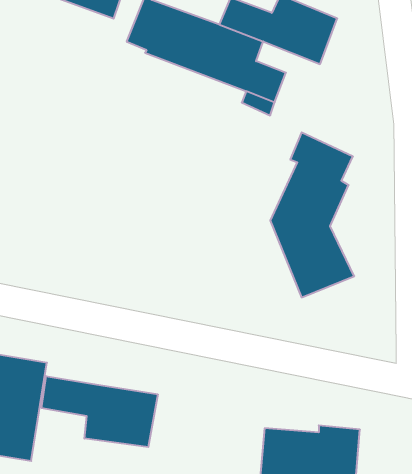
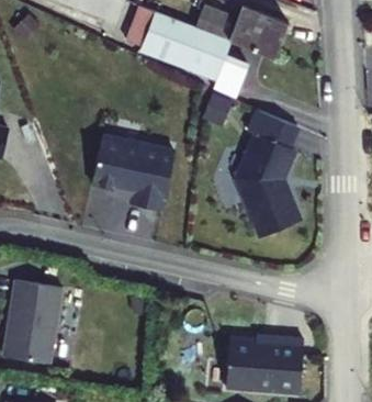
building: none -> [91,136,174,212]
building: [42,376,158,447] -> none

